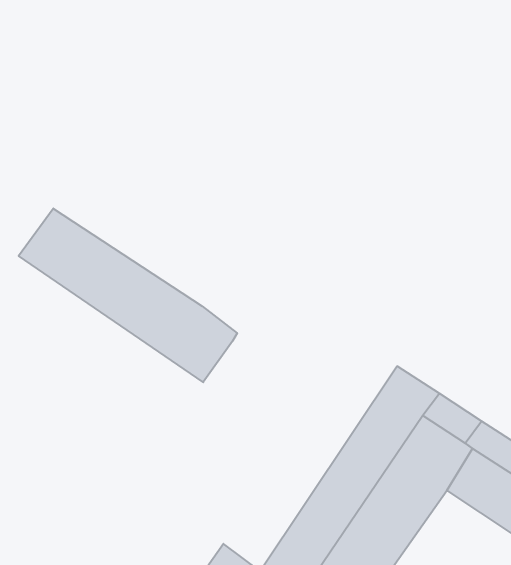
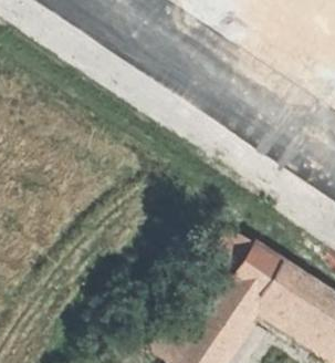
building: [19,208,237,382] -> none

